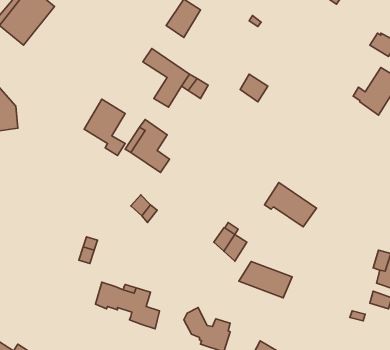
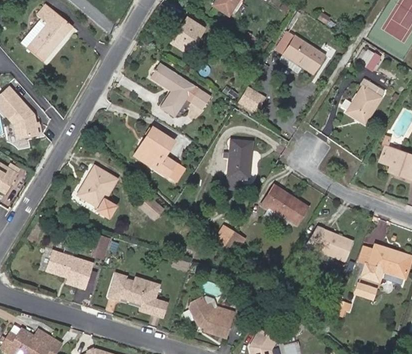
building: none -> [272,32,326,75]
building: [84,99,125,156] -> [79,167,116,218]
building: none -> [228,140,252,177]
building: none -> [47,252,91,287]
building: [239,261,292,298] -> [306,228,354,261]

